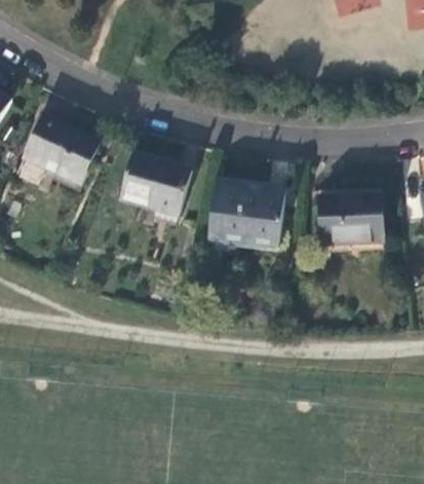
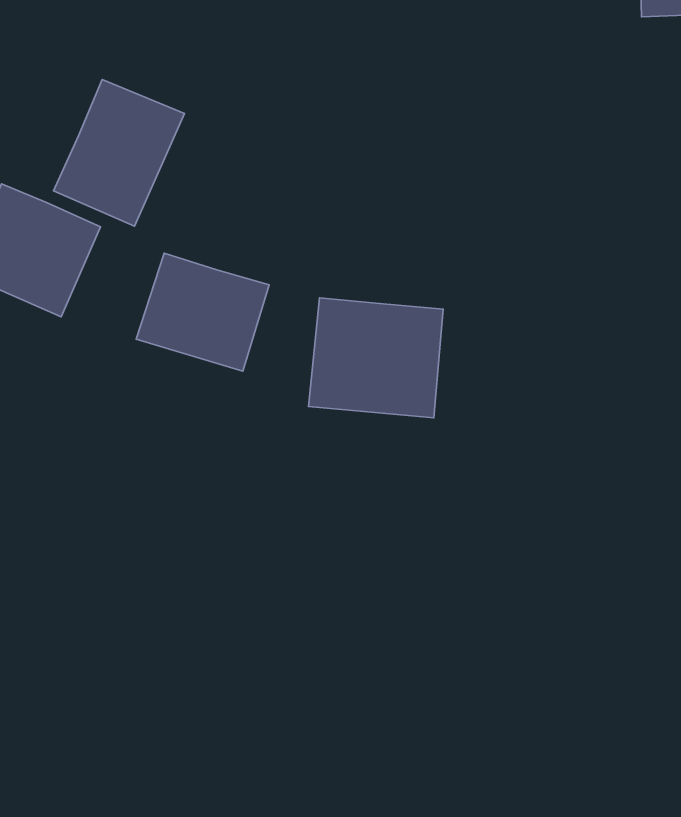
building: none -> [54,80,184,226]
building: [320,189,385,240] -> none

